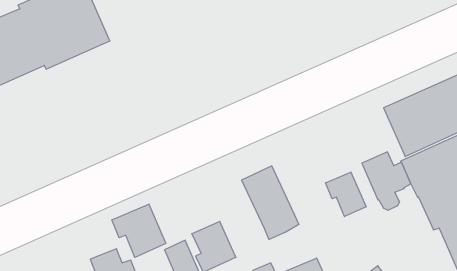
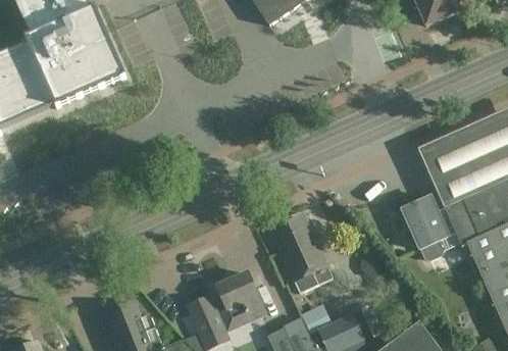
building: [325,172,366,217] -> none
building: [112,204,166,257] -> none

